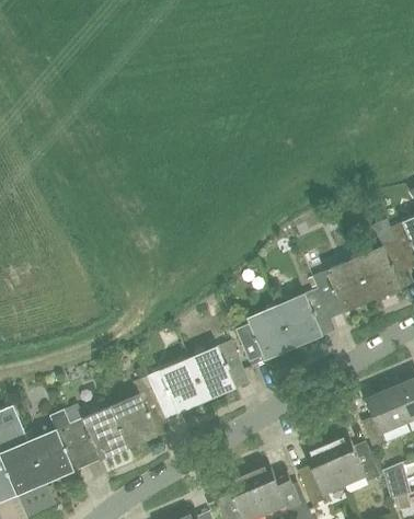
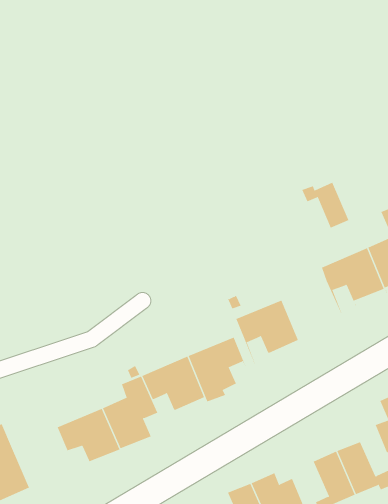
building: none -> [301,182,349,228]
building: [277,289,327,348] -> none
building: [28,410,80,484] -> none

